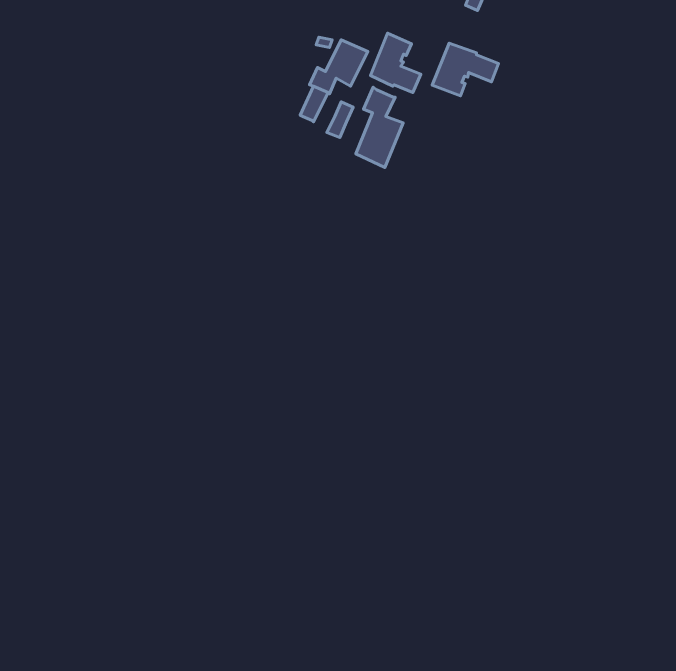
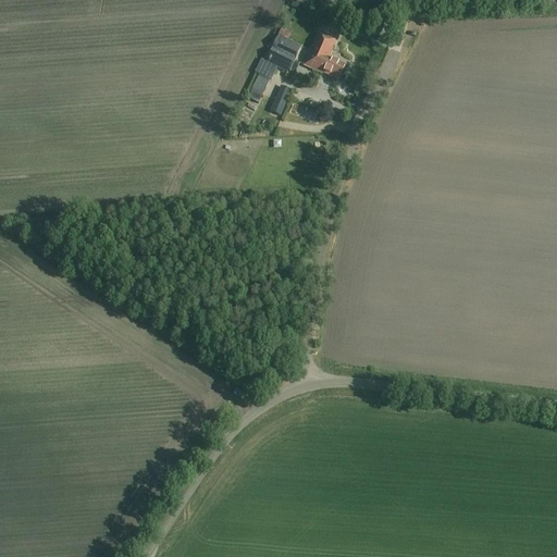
building: [432,43,499,96] -> none
building: [356,87,403,167] -> none

